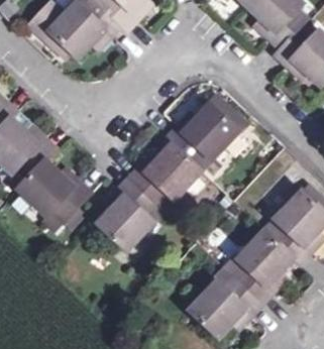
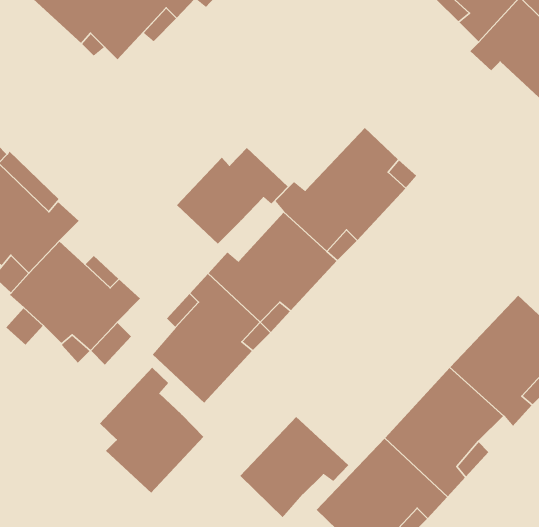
building: none -> [176,147,288,245]
building: none -> [99,367,204,494]
building: none -> [240,416,349,518]

